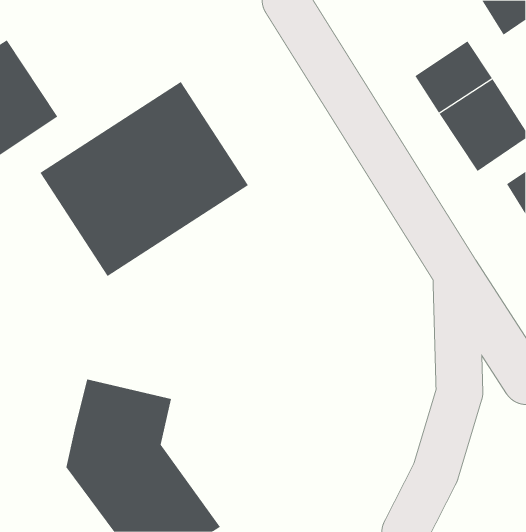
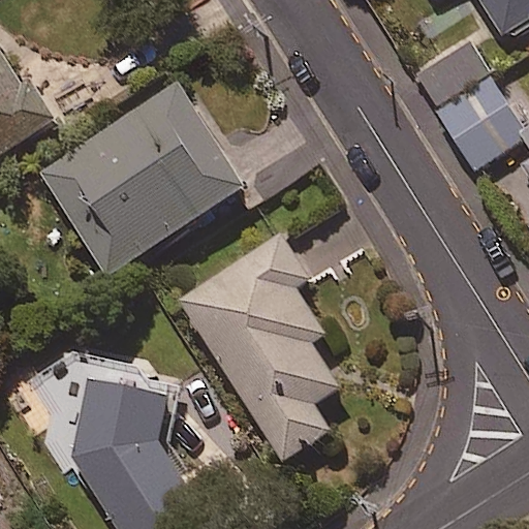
building: none -> [179,234,340,461]

